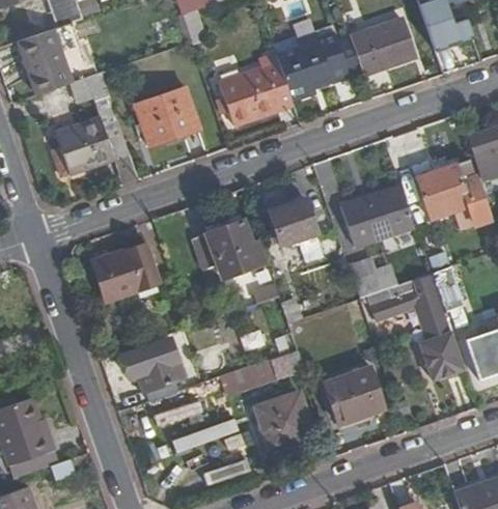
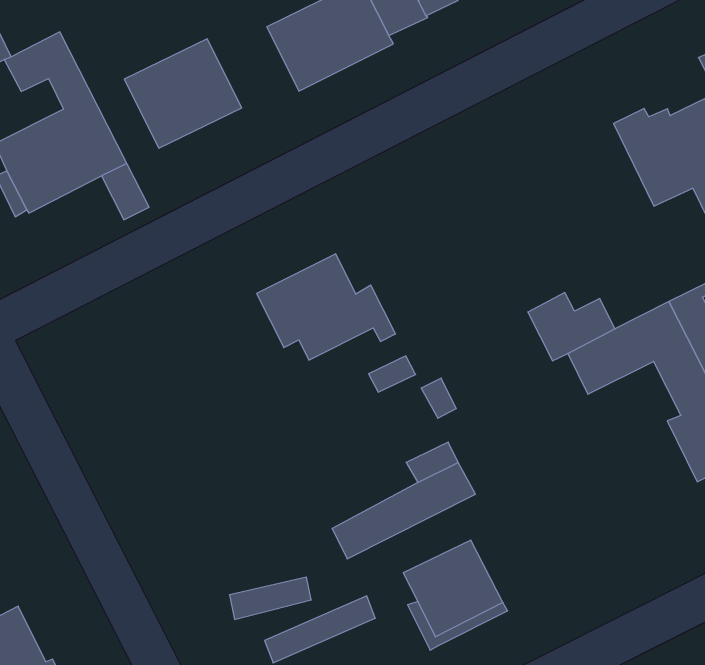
building: [341,189,415,249] -> none
building: [271,194,334,246] -> none
building: [90,242,159,300] -> none
building: [121,339,183,401] -> none
building: [321,358,385,423] -> none

